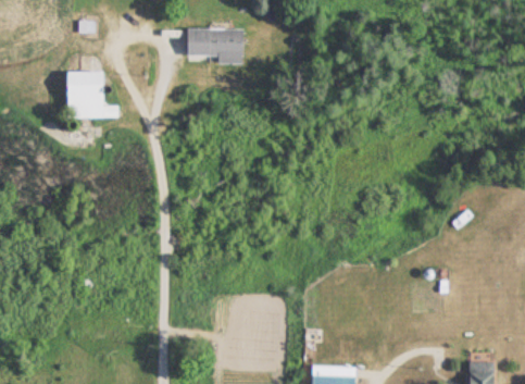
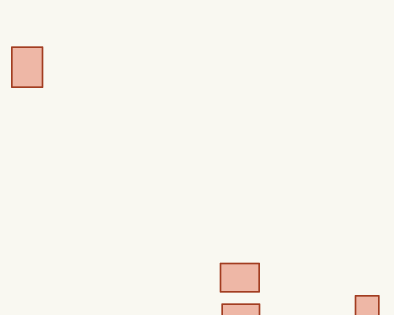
building: [187,28,243,64] -> none
building: none -> [221,263,259,292]

